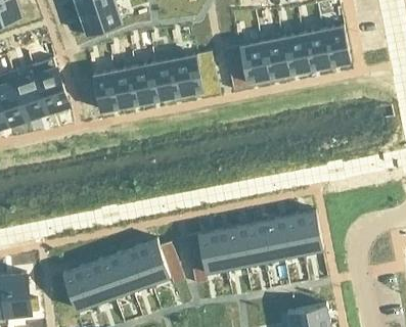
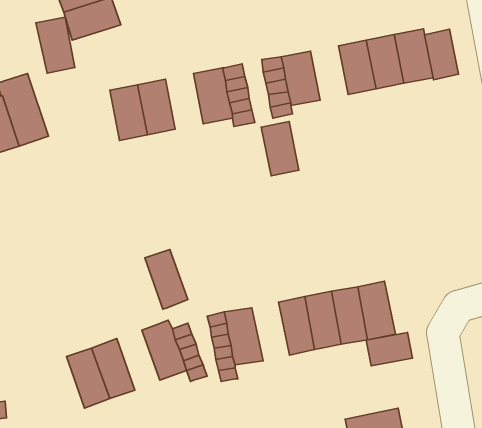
building: none -> [425,29,458,80]
building: [261,39,288,79] -> [261,122,299,176]
building: [154,59,182,100] -> none
building: [92,72,121,112] -> [36,17,75,73]
building: [218,227,245,270] -> none
building: [119,247,150,291] -> [145,249,188,309]
building: none -> [366,332,412,366]
building: [62,267,95,311] -> none

